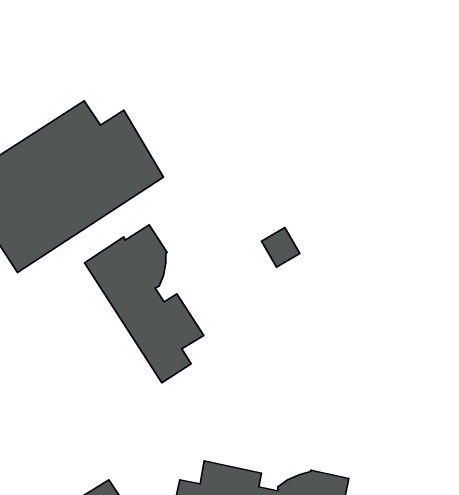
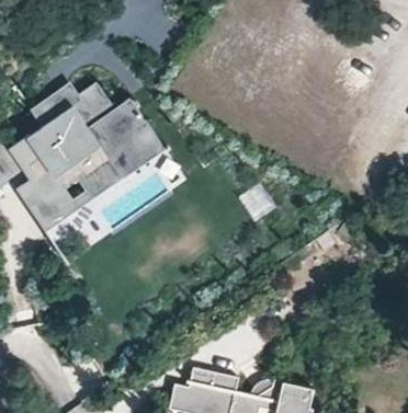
building: [85,225,204,383] -> none

